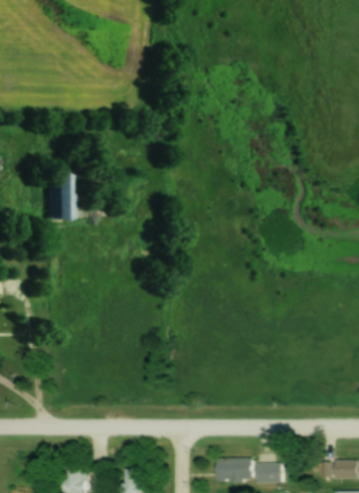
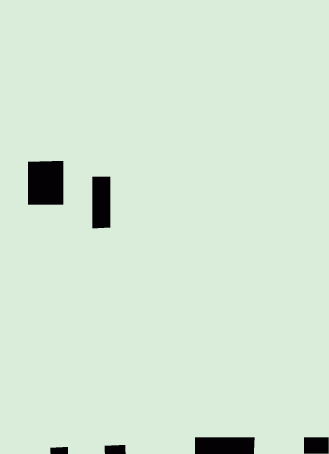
building: none -> [92,176,111,229]

